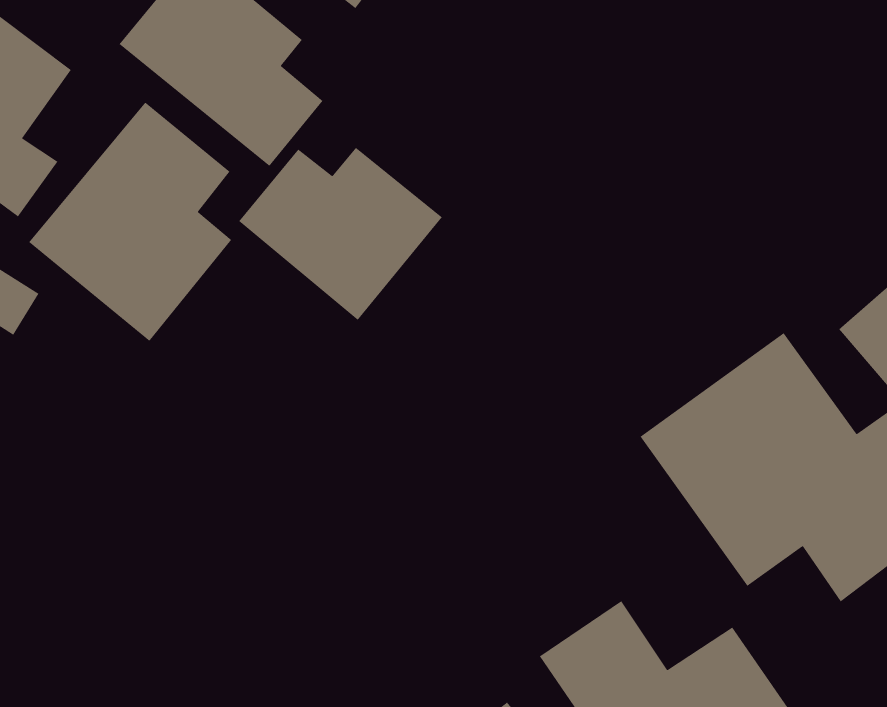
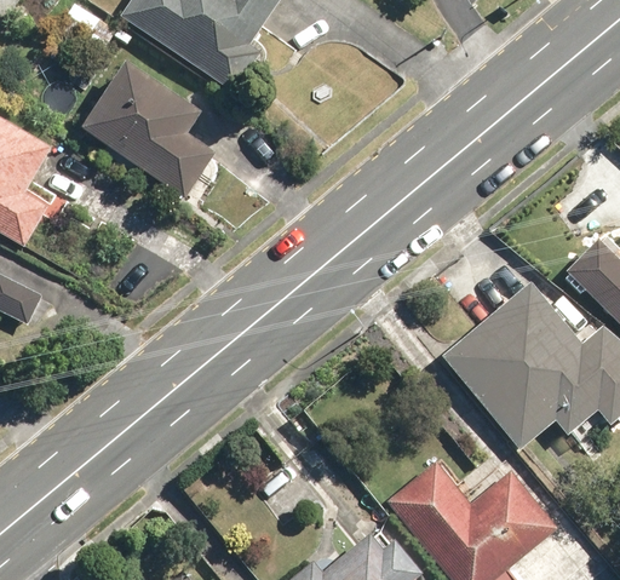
building: [28,101,232,342] -> none
building: [238,147,443,321] -> none

